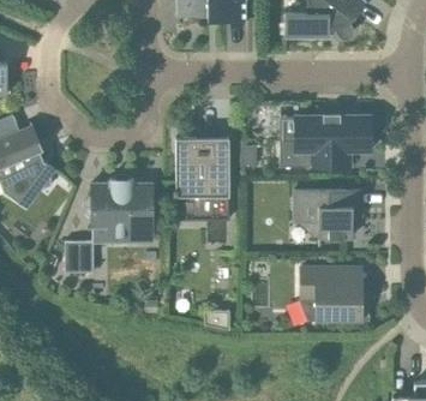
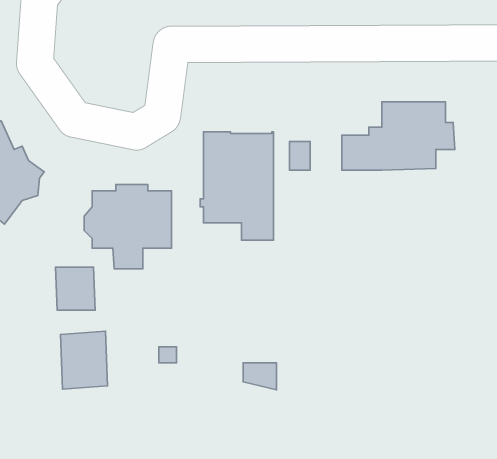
building: [295,190,362,246] -> none
building: [301,267,362,319] -> none
building: none -> [61,331,108,389]

